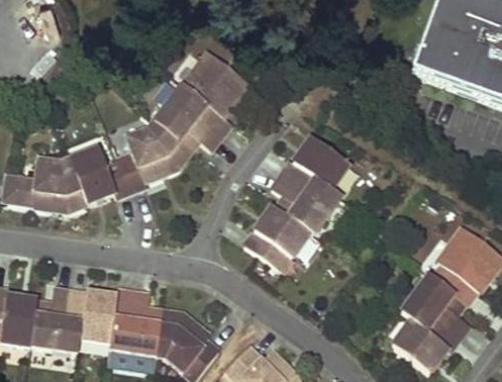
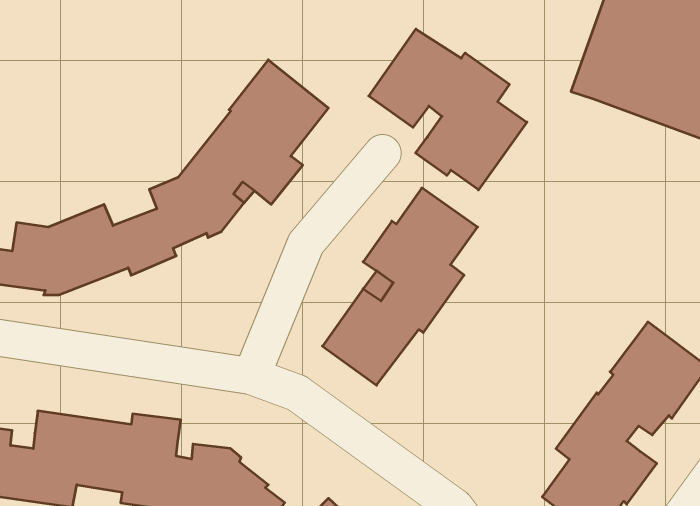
building: none -> [369,29,527,190]

